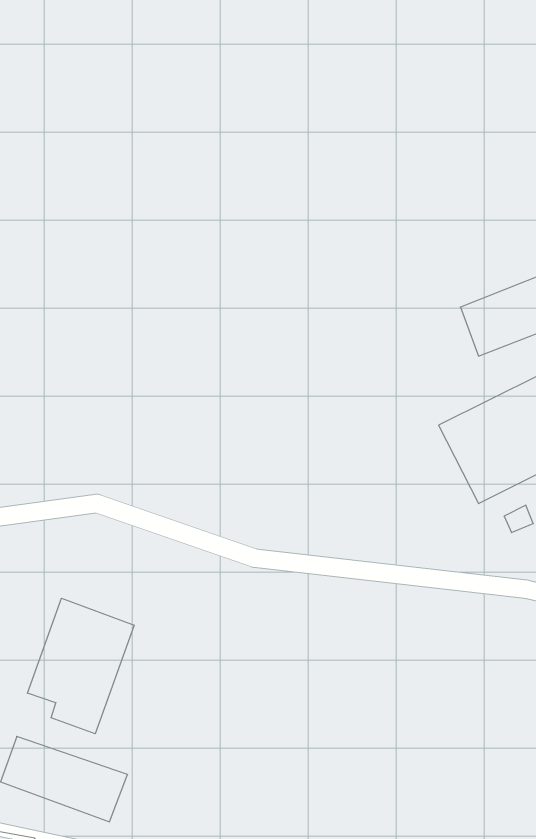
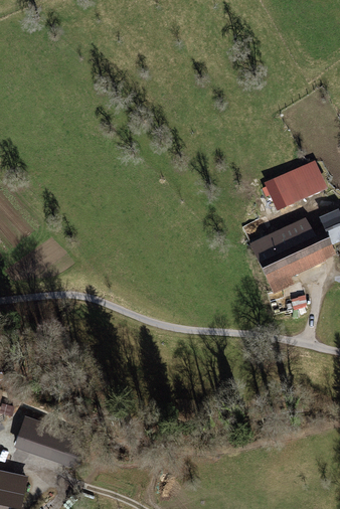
building: [27,598,134,734] -> none

